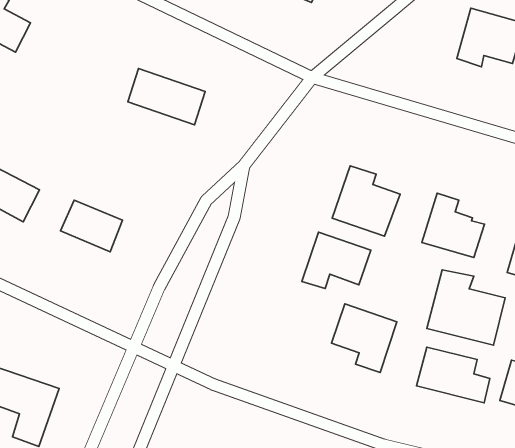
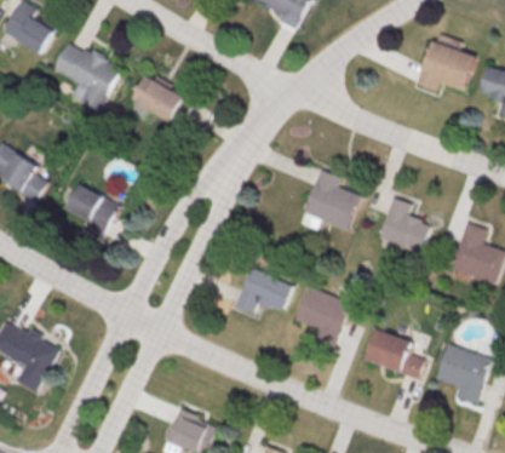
building: none -> [56,40,122,110]
building: [302,232,371,288] -> [235,266,295,315]
building: [427,270,505,345] -> none

